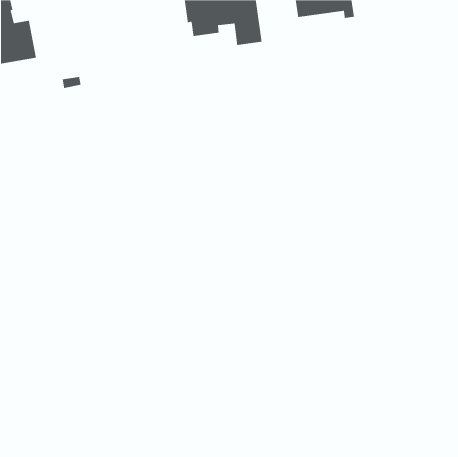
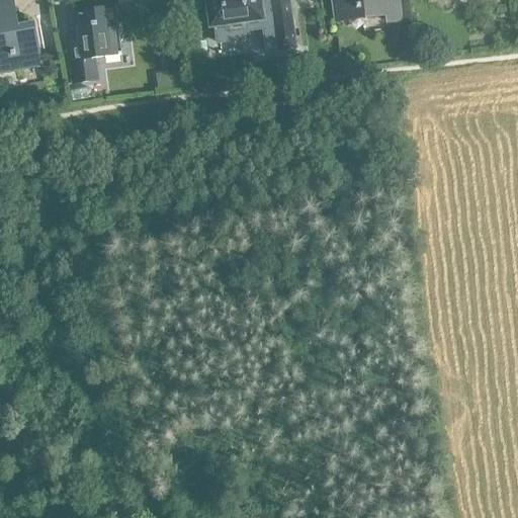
building: none -> [67,6,121,83]

